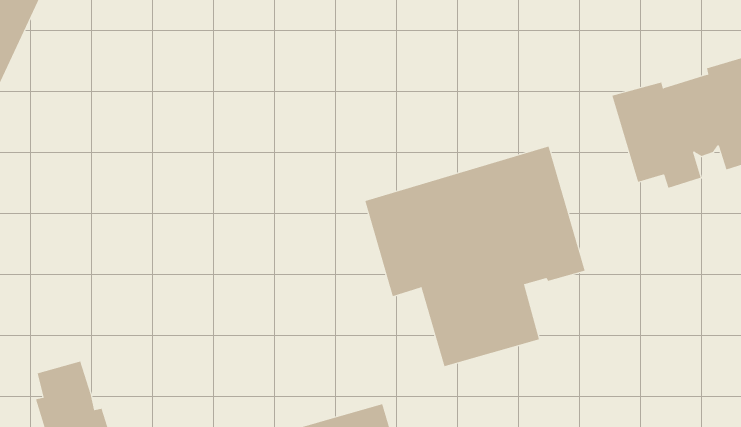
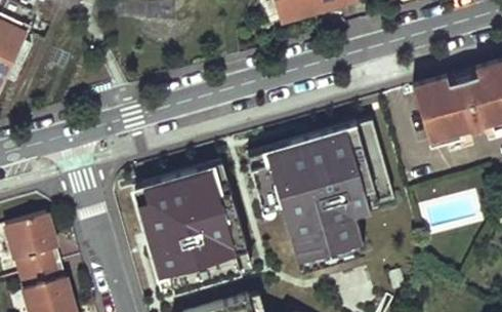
building: none -> [132,164,251,294]
building: none -> [5,214,55,273]

